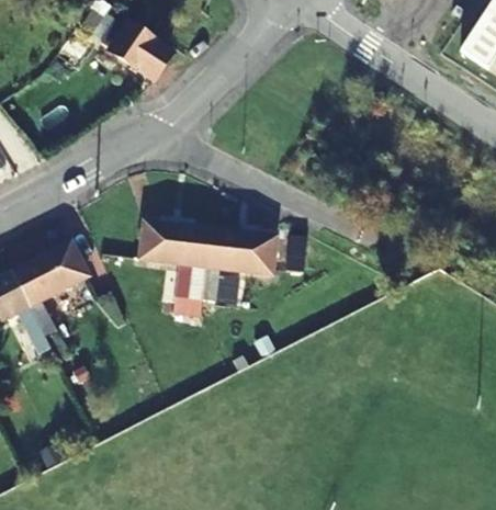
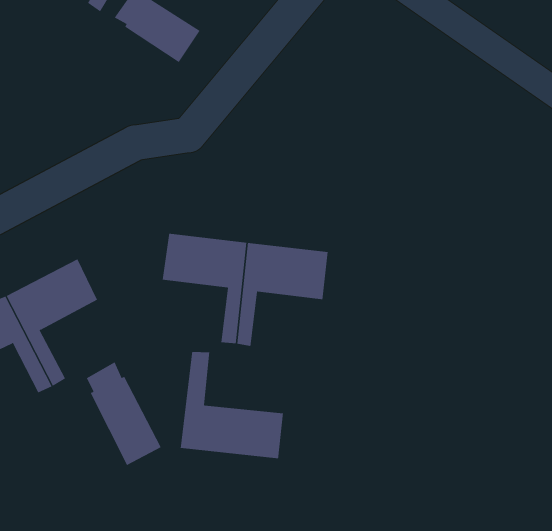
building: none -> [180,351,284,459]
building: none -> [86,362,161,466]

